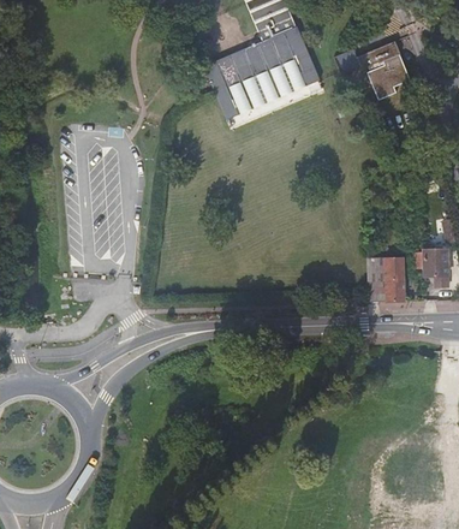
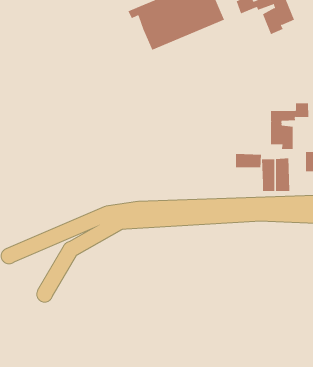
building: none -> [271,102,309,150]
building: none -> [235,153,261,168]

